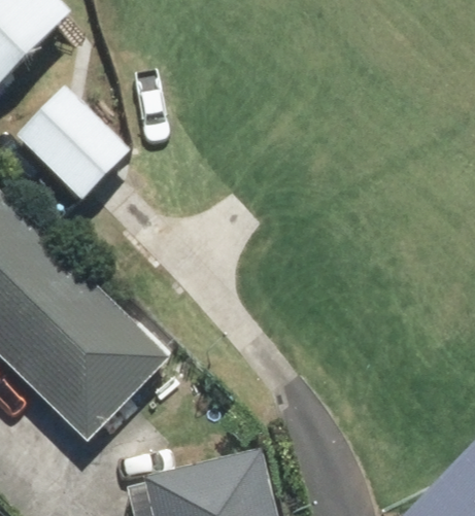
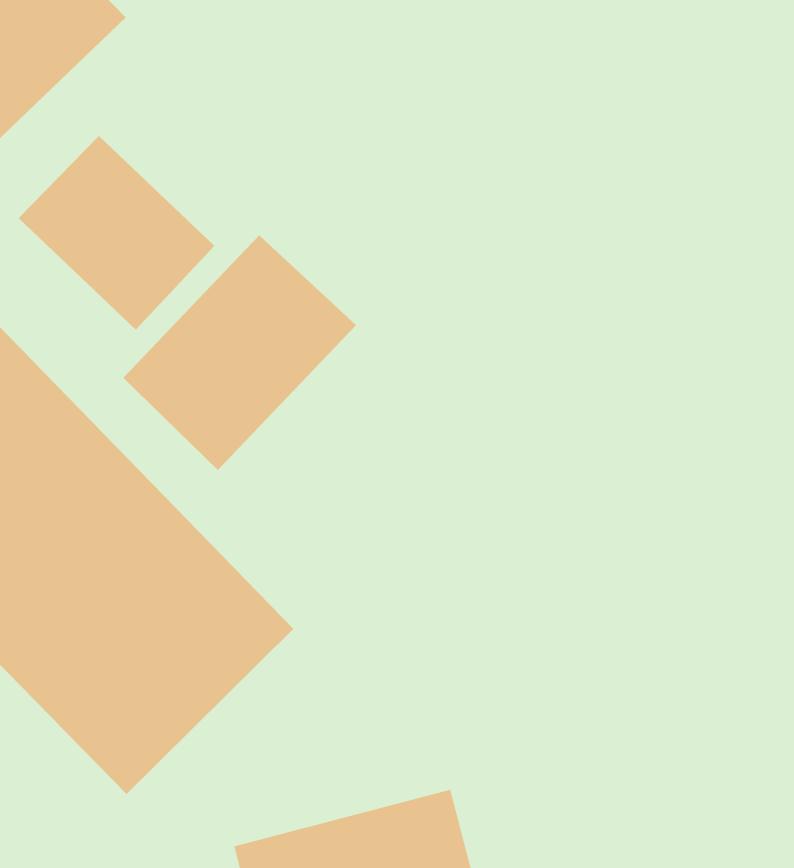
building: none -> [122,235,357,471]

